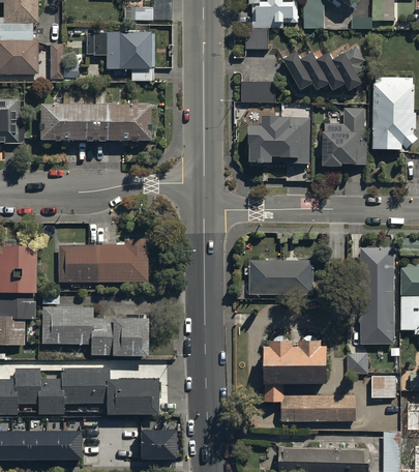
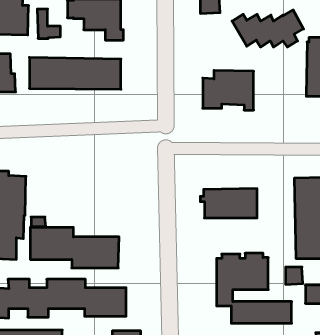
building: [240,82,275,104] -> none
building: [322,109,368,165] -> none
building: [58,239,148,283] -> none

